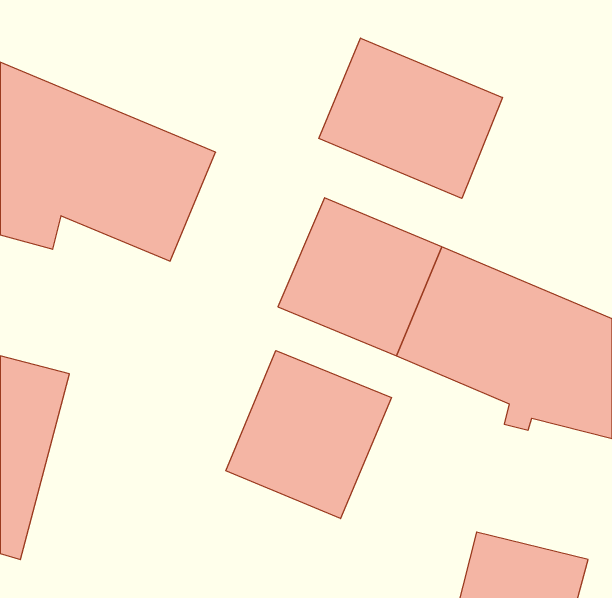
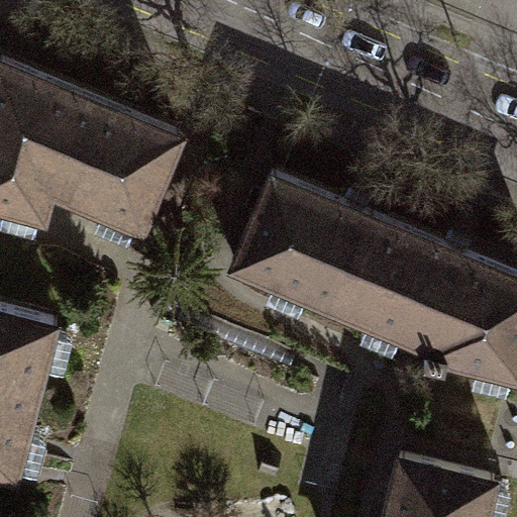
building: [319,38,502,198] -> none
building: [226,351,391,519] -> none

